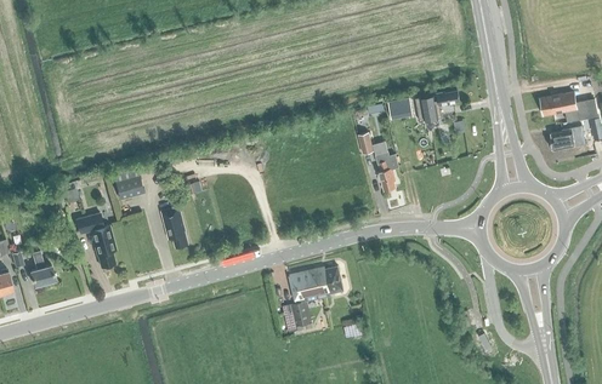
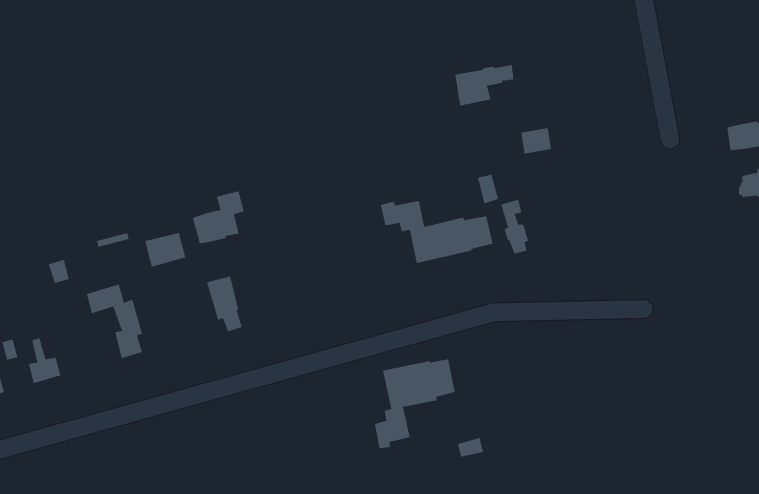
building: [415,91,459,121] -> [454,64,514,106]
building: none -> [192,191,244,244]
building: none -> [380,200,493,264]

